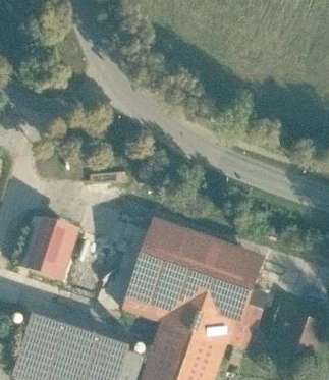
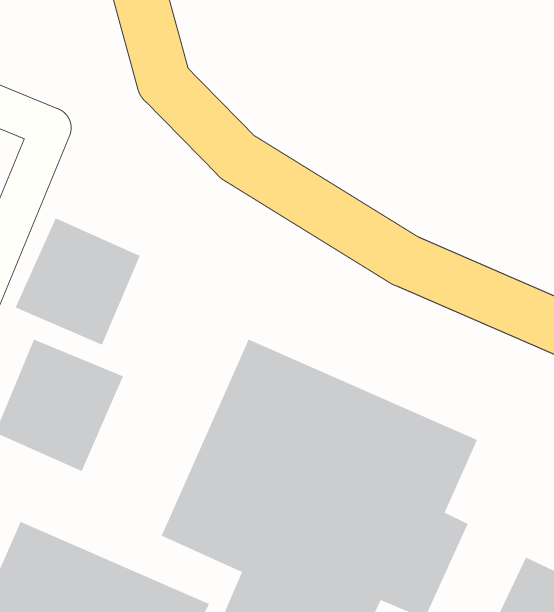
building: none -> [15,218,140,346]

